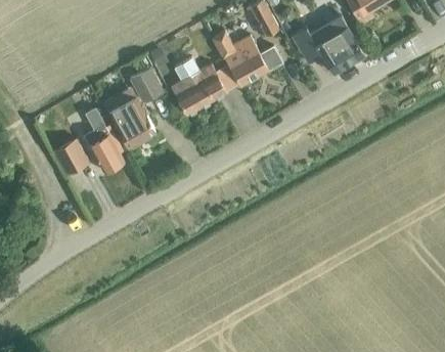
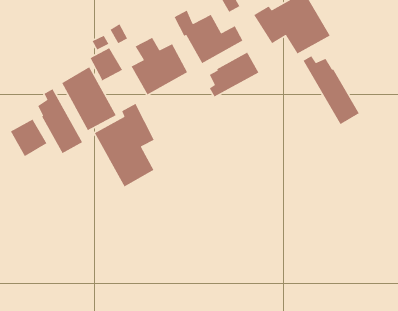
building: none -> [209,52,259,98]
building: none -> [303,55,360,125]
building: none -> [94,103,155,188]

